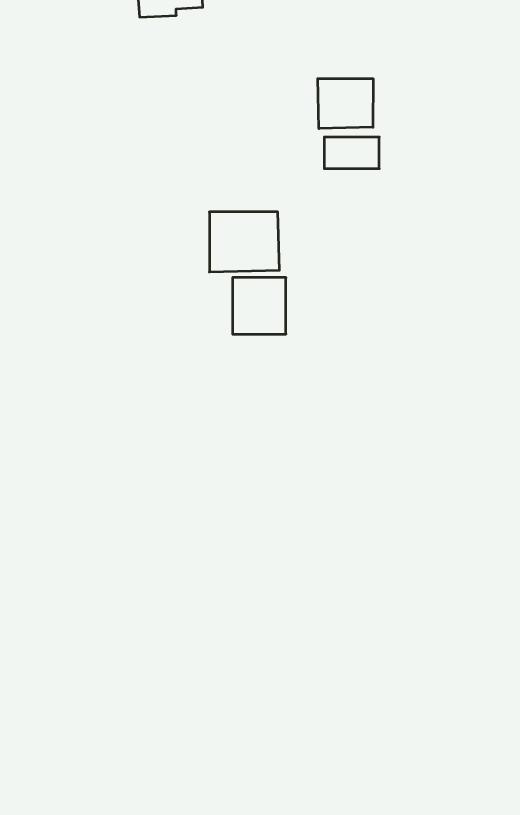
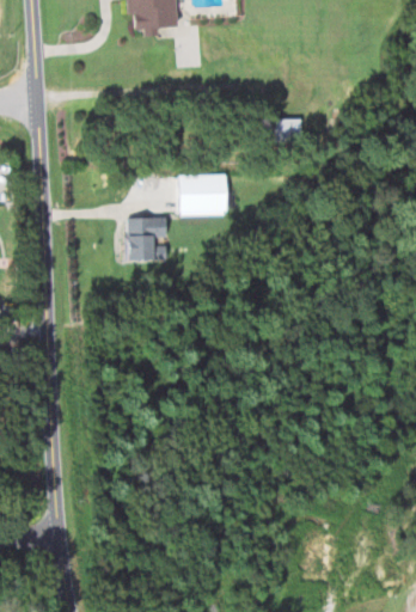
building: [318,79,373,129] -> none
building: [233,278,286,334] -> [127,219,165,259]

